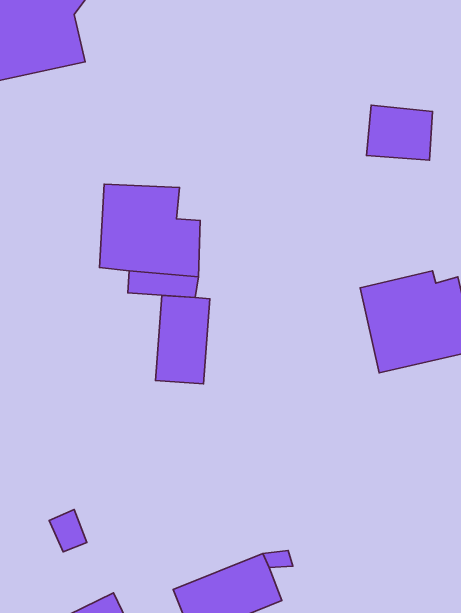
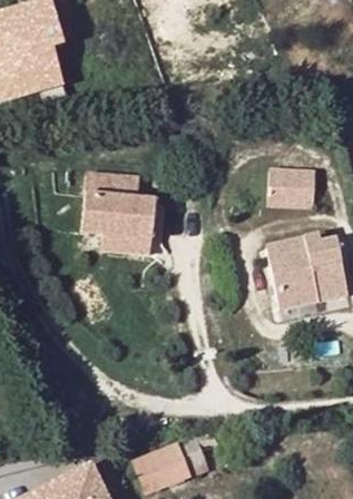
building: [367,105,433,160] -> [268,167,315,206]
building: [156,296,210,384] -> none

